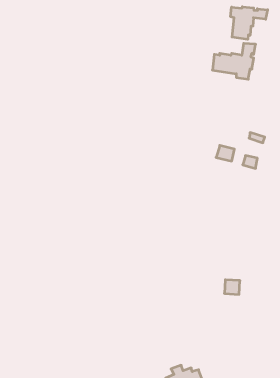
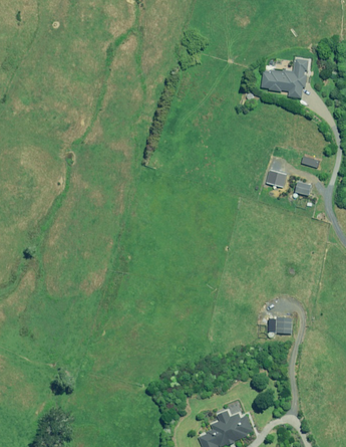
building: [231,7,268,39] -> none

